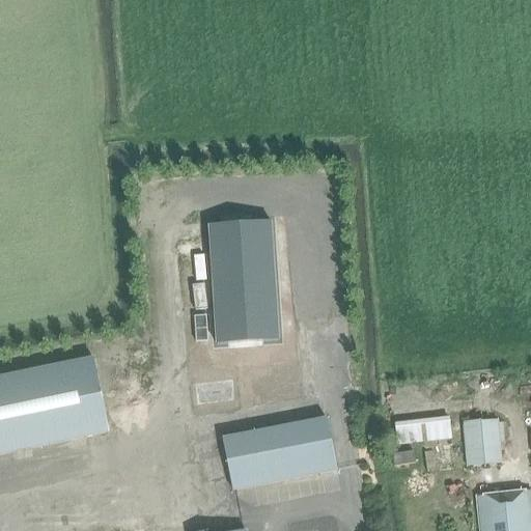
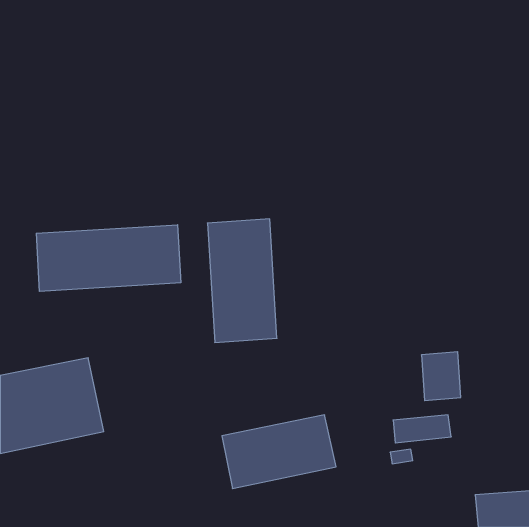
building: none -> [36,225,181,291]
building: [463,416,502,465] -> [421,352,461,401]

